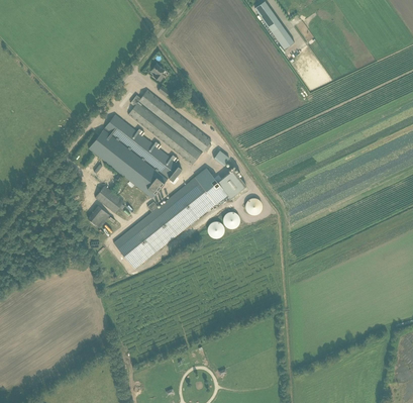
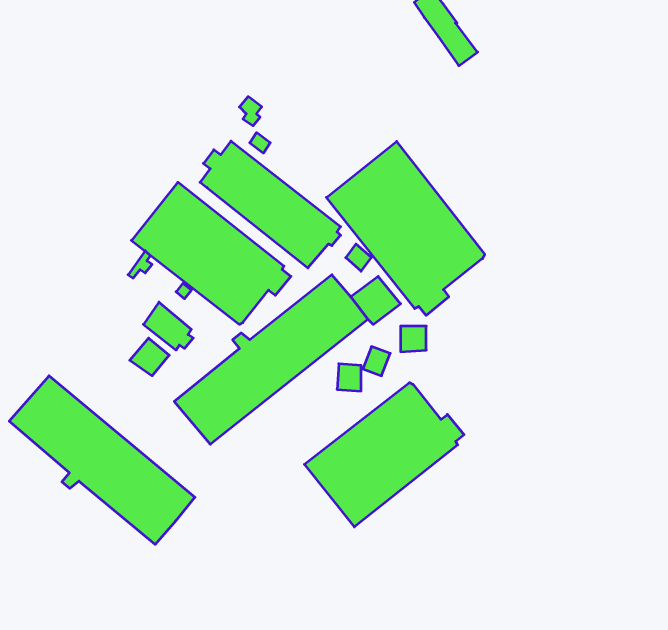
building: none -> [326,141,485,315]
building: none -> [9,376,195,544]
building: none -> [304,383,464,527]

